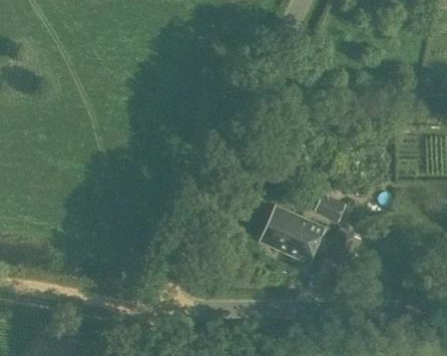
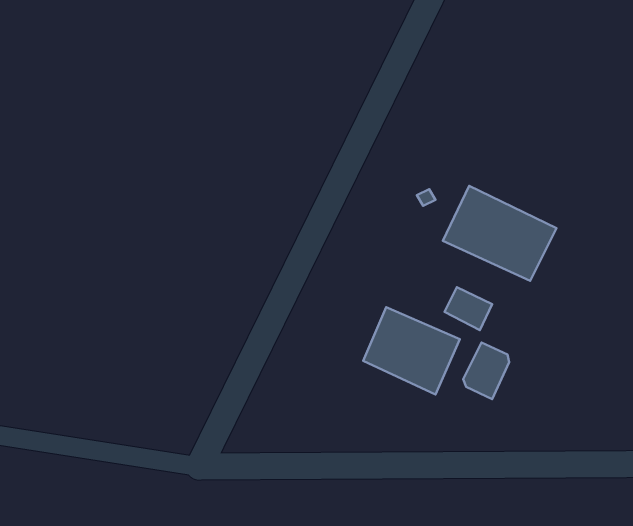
building: none -> [443,186,557,281]

